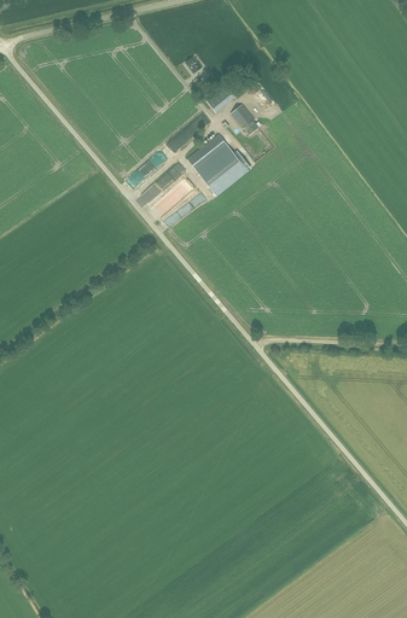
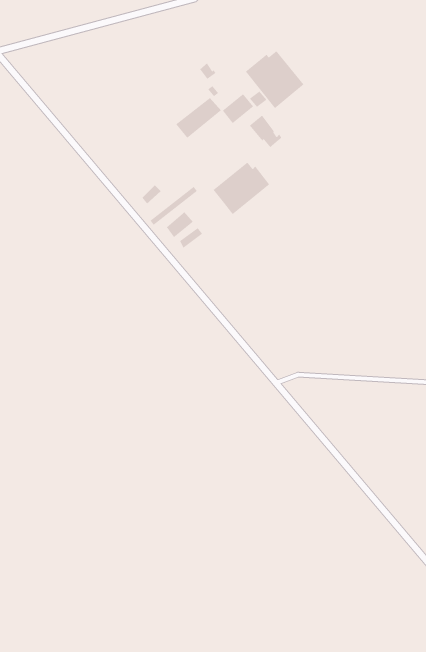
building: none -> [245,50,304,109]
building: [186,134,228,171] -> [175,97,222,139]

